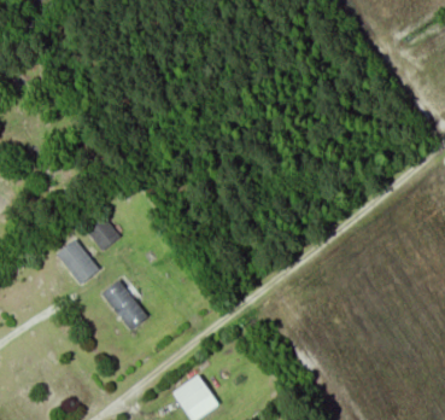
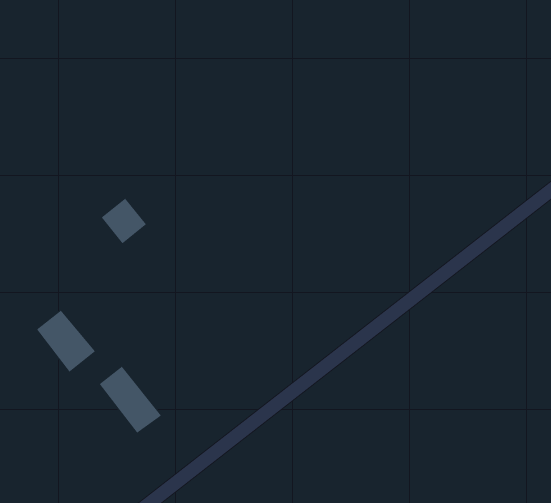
building: [87,217,121,251] -> [101,198,147,244]

